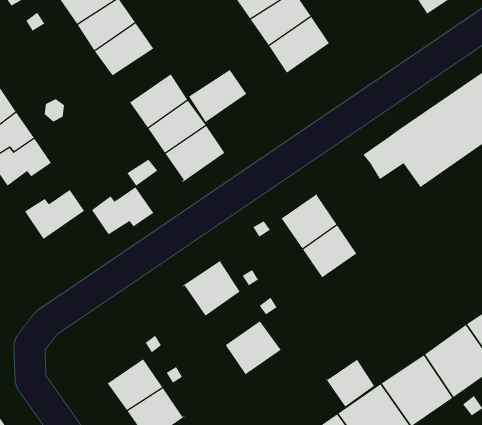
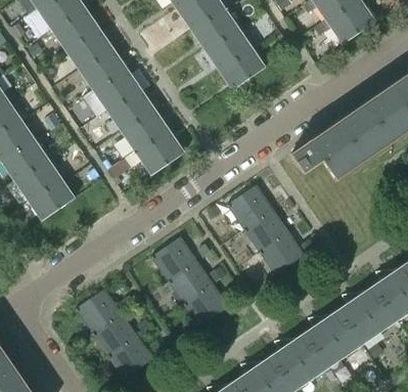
building: [188,69,247,123] -> [96,71,142,113]
building: [91,186,154,235] -> [14,160,63,198]
building: none -> [260,230,305,274]
building: none -> [169,260,212,302]
building: none -> [76,288,121,332]
building: [325,359,375,408] -> none

